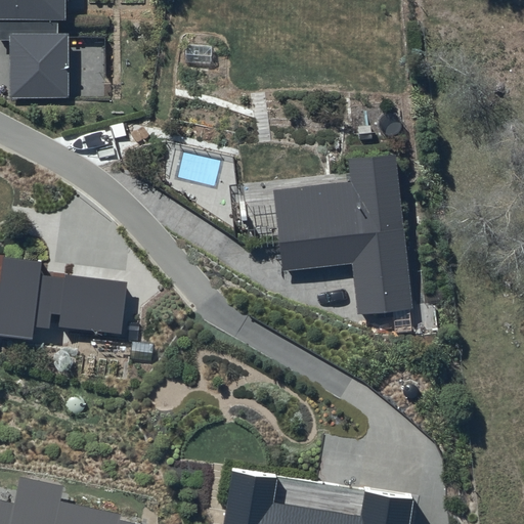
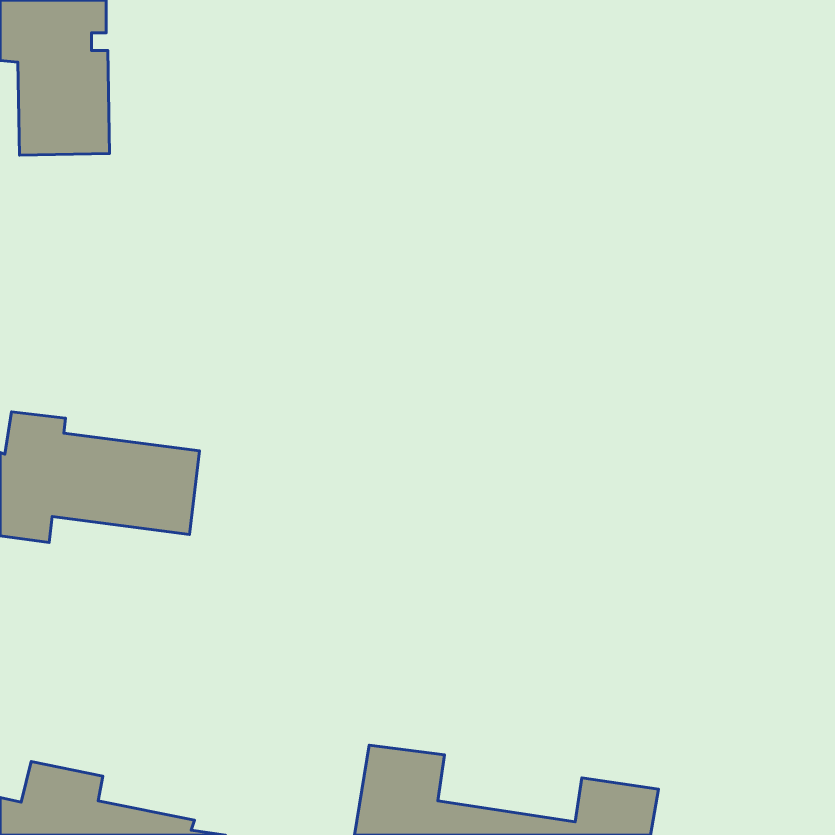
building: [272,155,413,313] -> none

